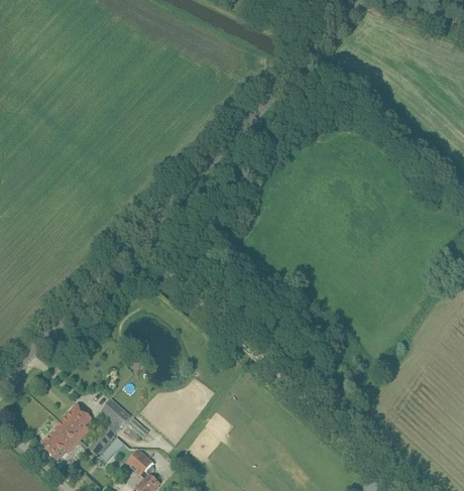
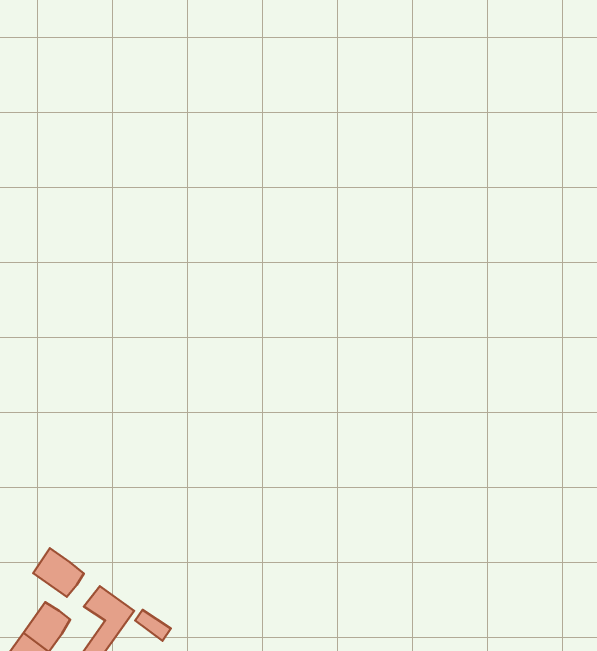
building: none -> [33,548,84,597]

